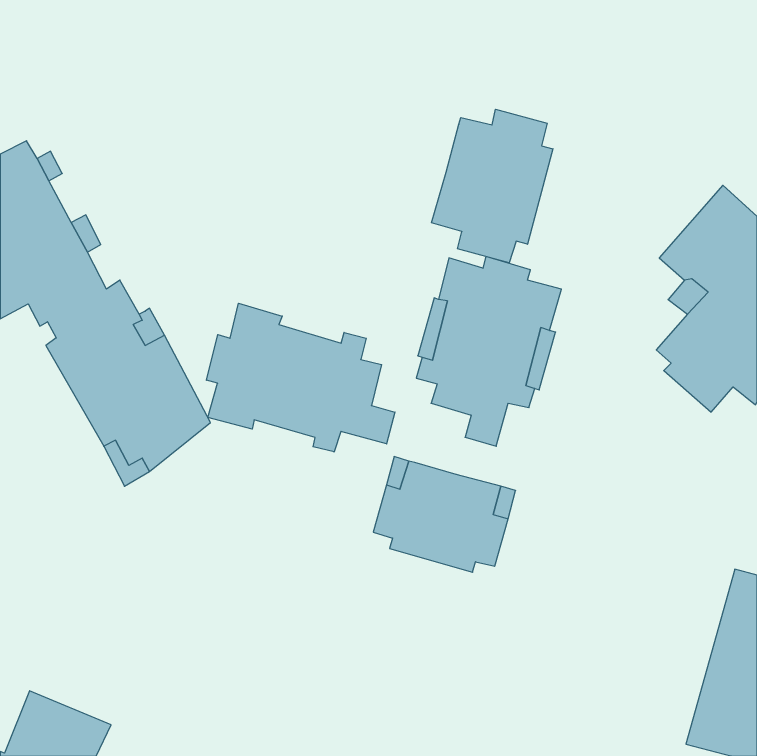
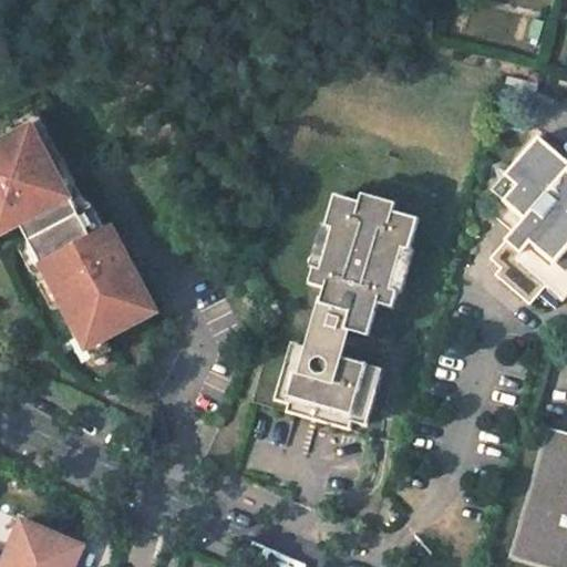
building: [432,109,553,263] -> none
building: [206,303,395,452] -> none
building: none -> [310,301,352,354]

